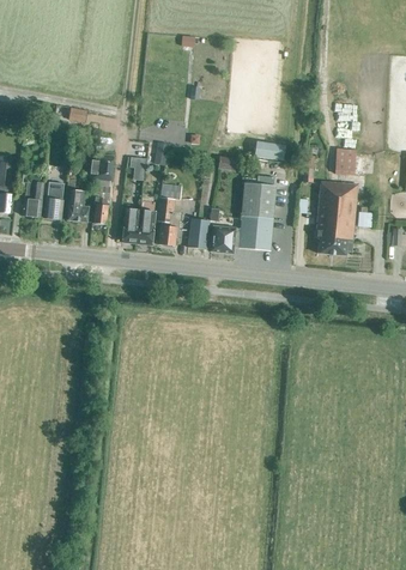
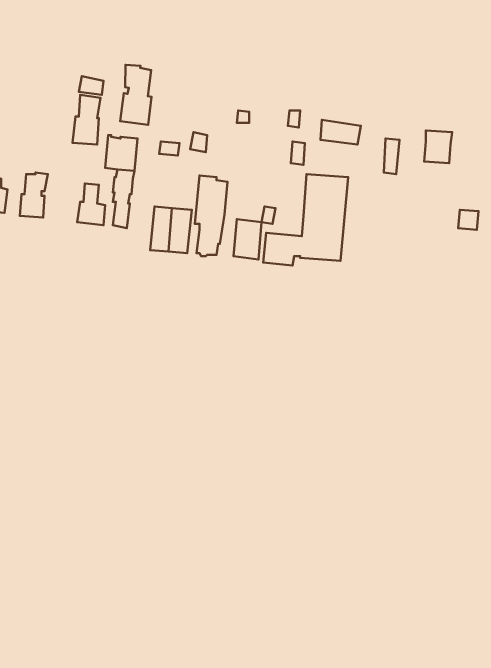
building: none -> [120,65,152,125]
building: [42,181,63,219] -> [72,95,100,144]
building: [315,181,357,255] -> none

